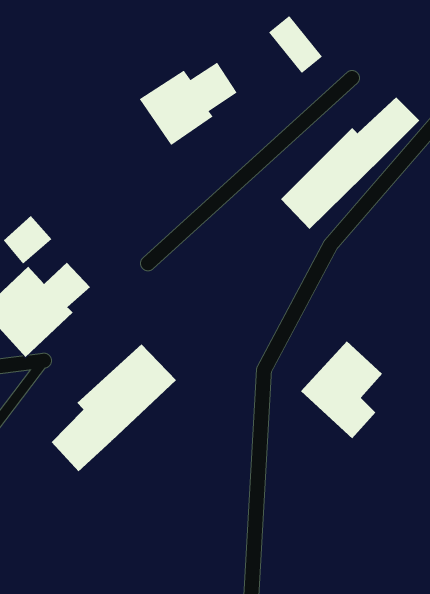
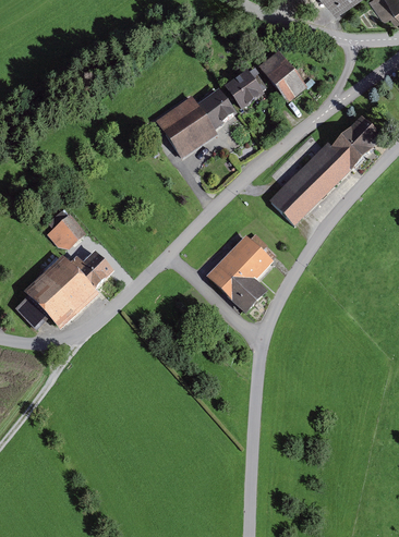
building: none -> [219,71,259,111]
building: [300,340,383,439] -> [208,234,276,315]
building: [51,343,177,472] -> none

